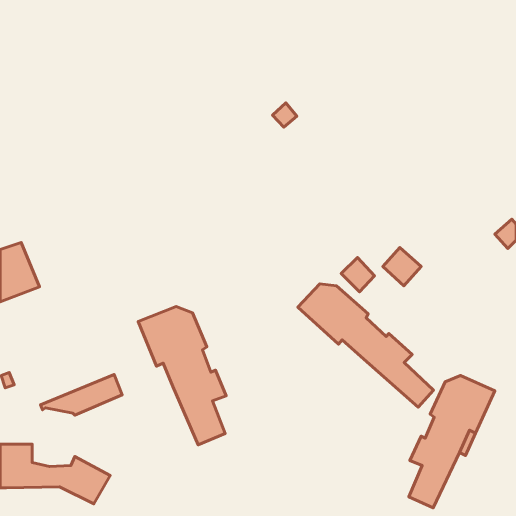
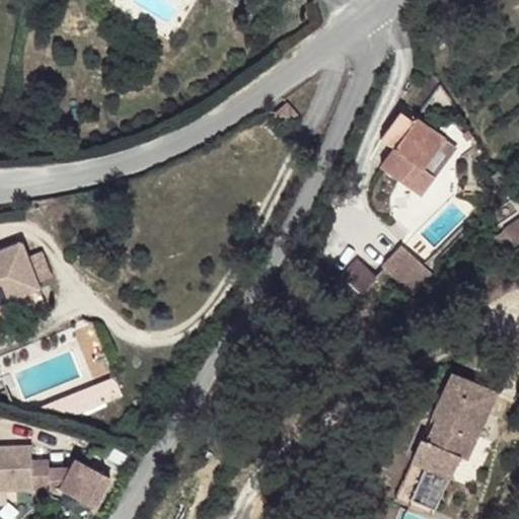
building: none -> [380,107,456,196]
building: [298,284,434,407] -> none
building: [138,306,226,445] -> none

